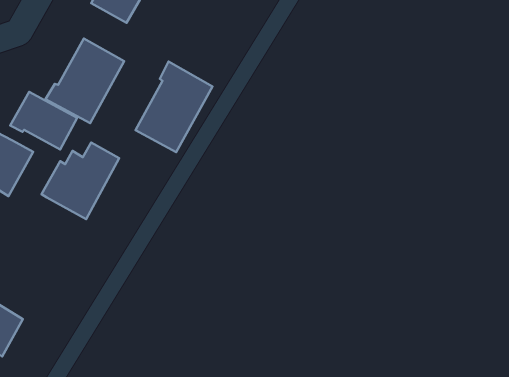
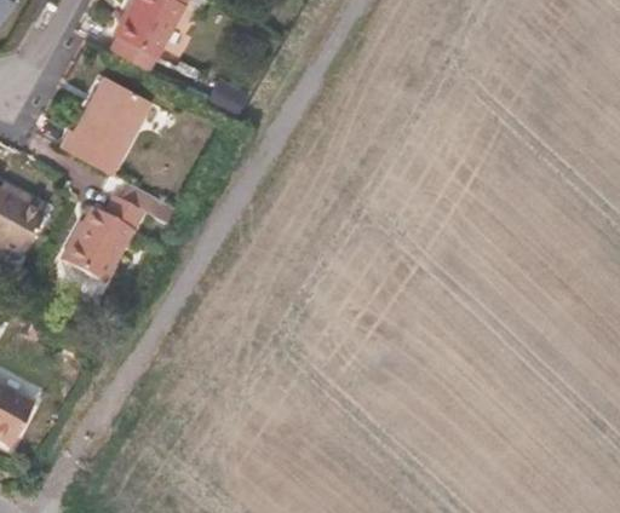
building: [135,62,212,152] -> none
building: [10,92,77,149] -> none

